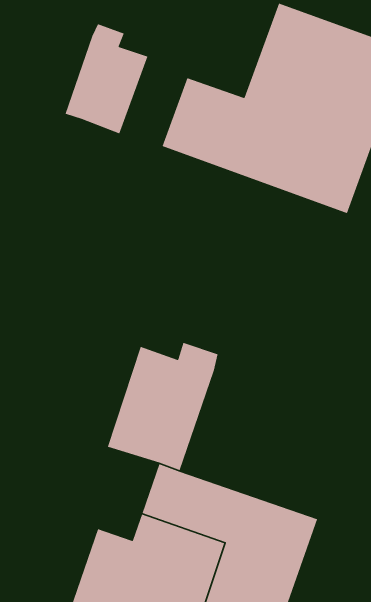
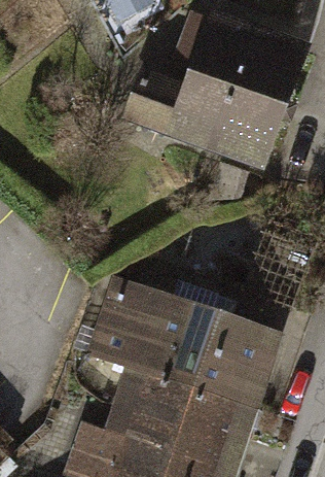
building: [64,23,148,134] -> none
building: none -> [143,295,277,409]

